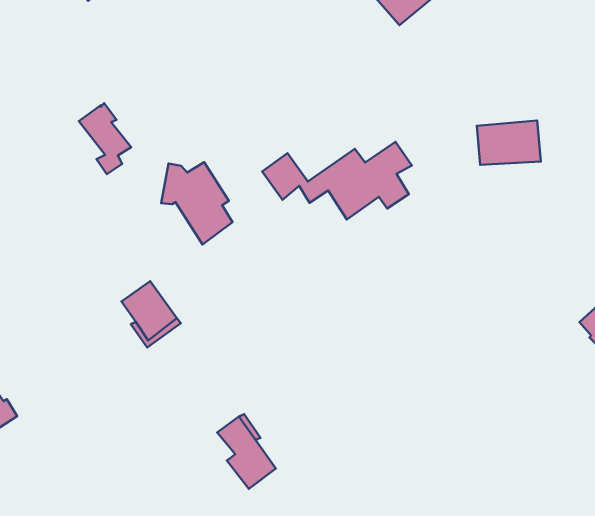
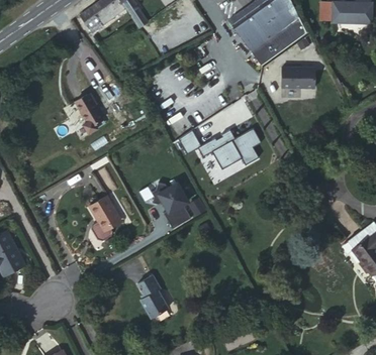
building: [477,121,541,165] -> [280,68,314,91]
building: [161,162,233,244] -> [152,183,191,230]

